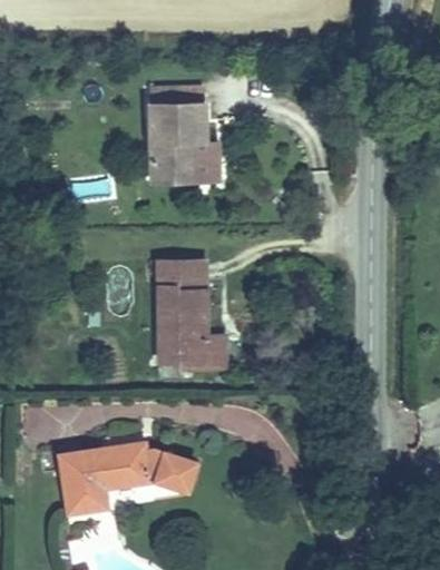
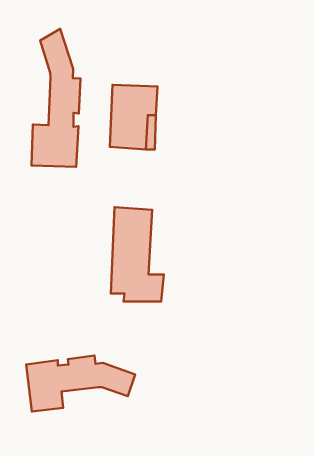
building: none -> [31,29,81,167]

